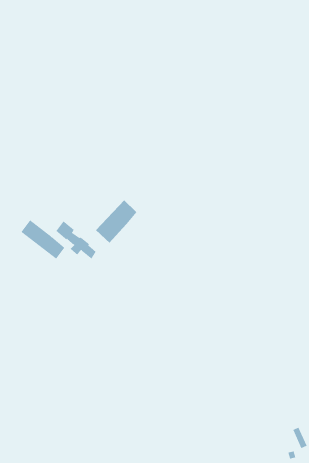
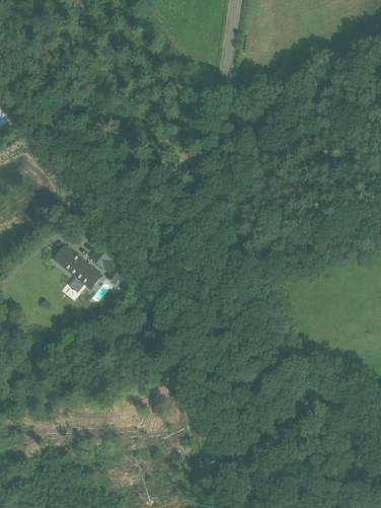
building: [95,200,137,243] -> none

